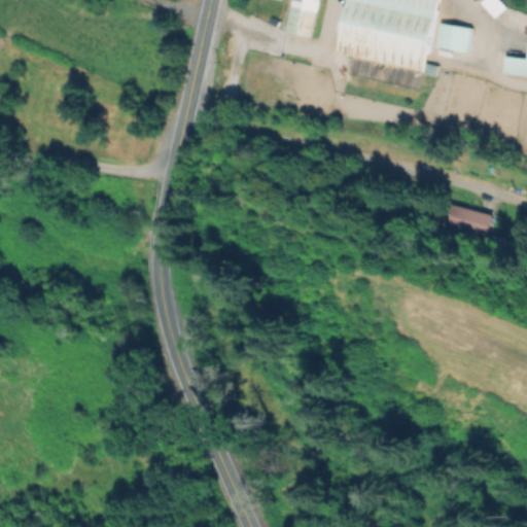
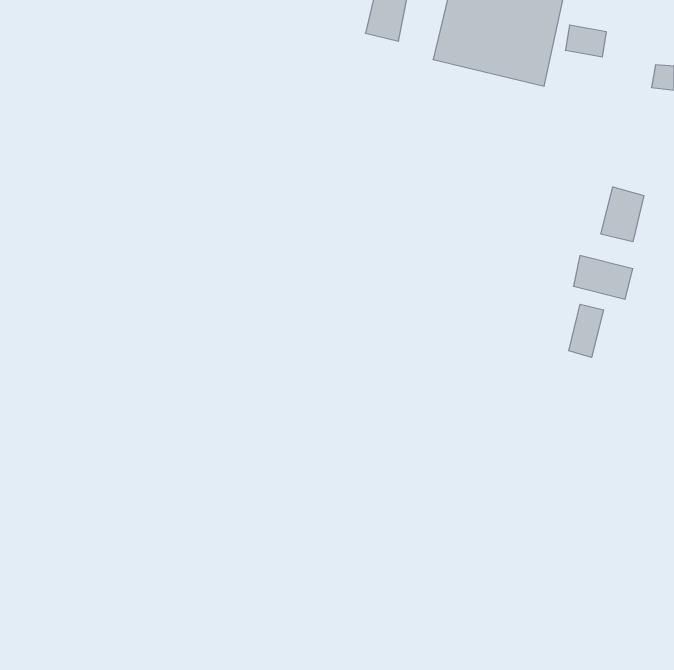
building: none -> [601,187,644,242]
building: none -> [569,304,603,357]

